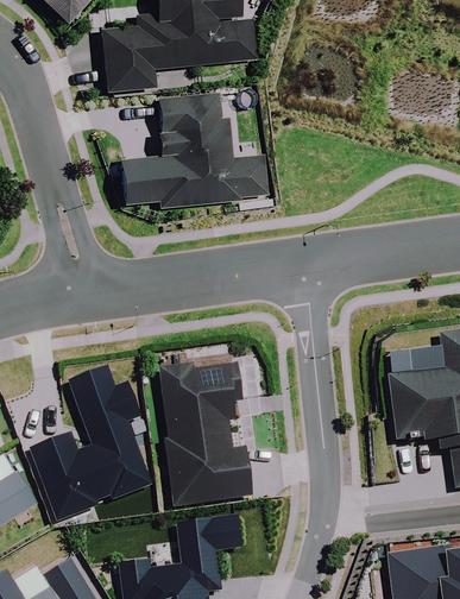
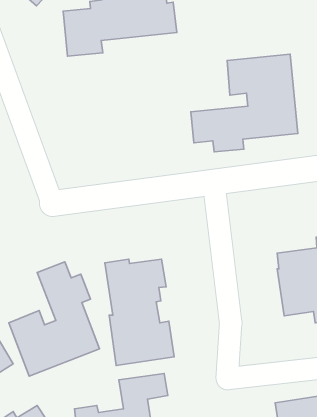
building: none -> [191,54,298,152]
building: [120,95,265,208] -> none

